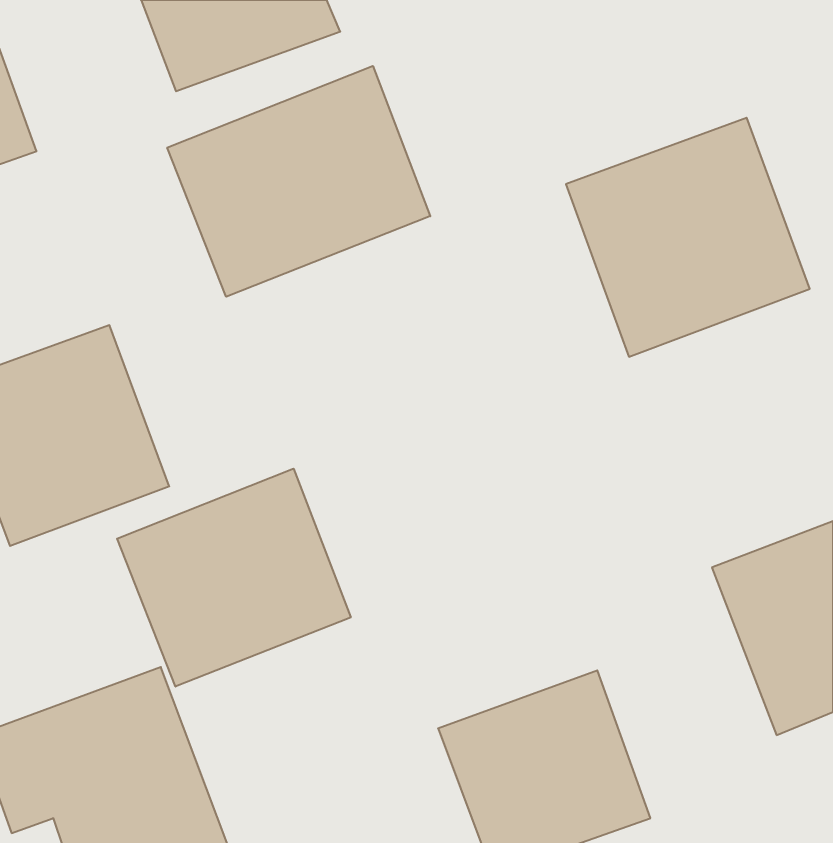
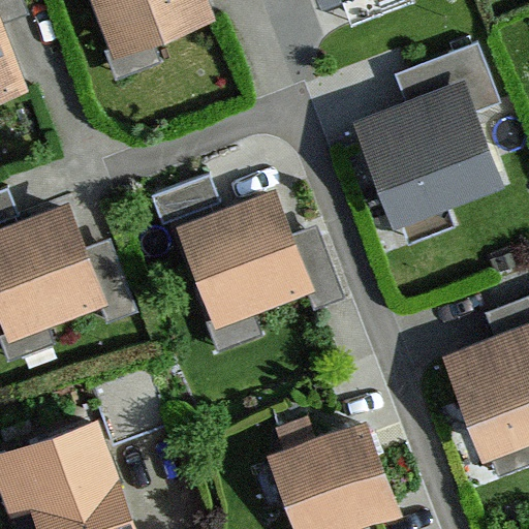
building: [167,66,430,297] -> none
building: none -> [174,190,311,328]
building: [117,469,351,687] -> none

